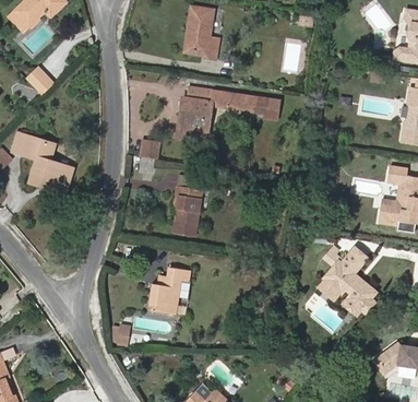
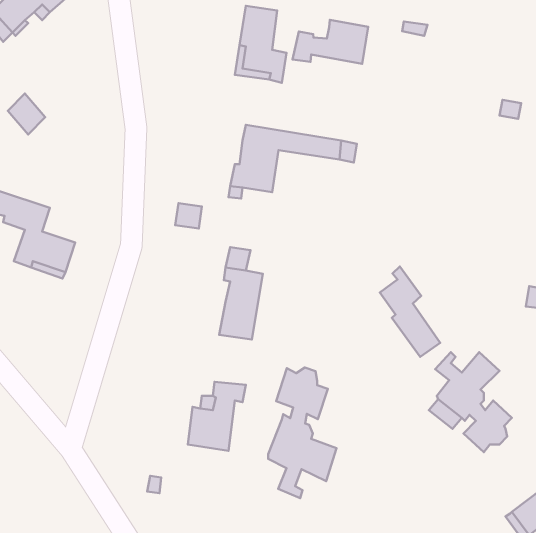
building: none -> [293,20,368,64]
building: none -> [380,266,440,357]
building: none -> [268,367,337,498]

